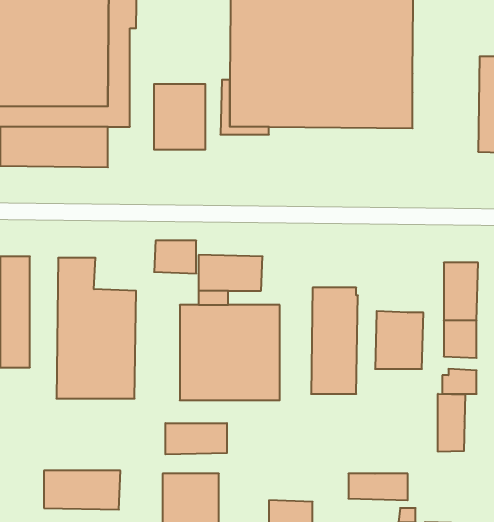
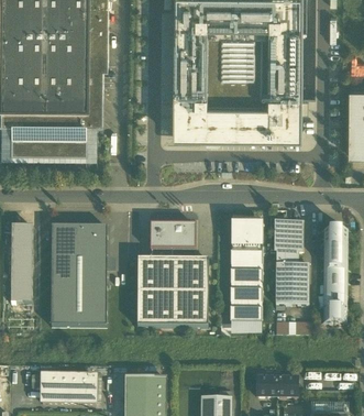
building: [154,84,205,150] -> none
building: [154,241,196,273] -> [77,225,107,248]
building: none -> [231,218,263,245]
building: none -> [276,219,302,263]
building: [438,394,465,452] -> none
building: [165,423,227,454] -> none

